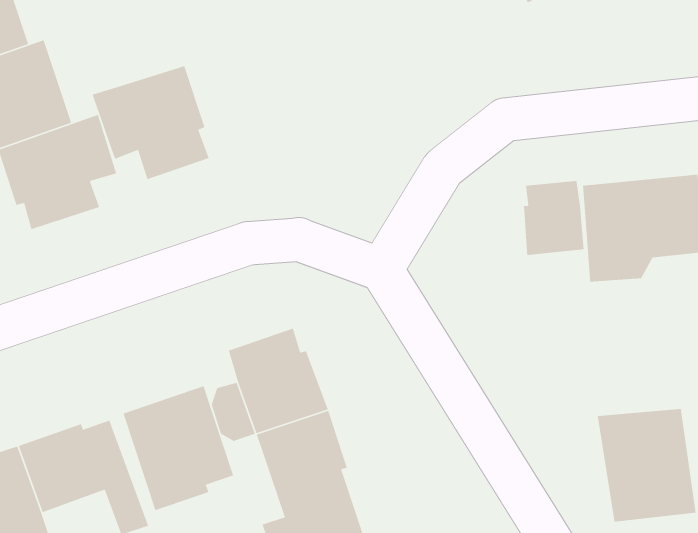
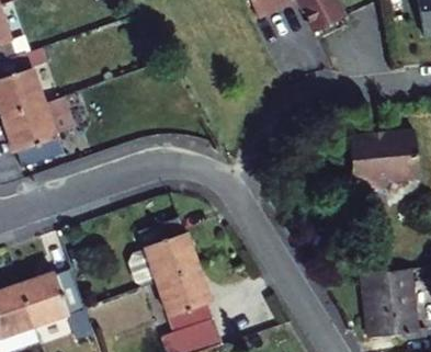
building: [91,65,210,180] -> none
building: [523,180,584,256] -> none
building: [123,385,234,511] -> none

